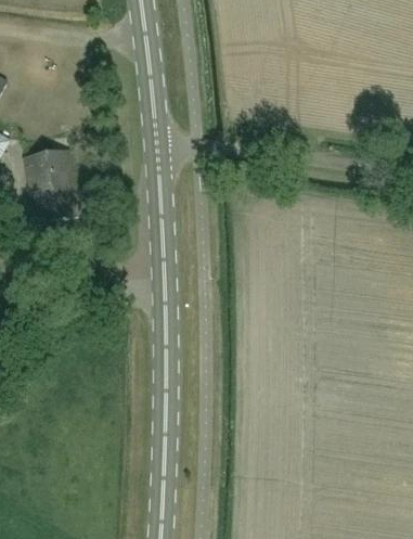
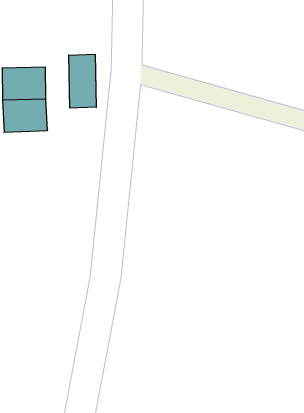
building: none -> [69,54,96,108]

